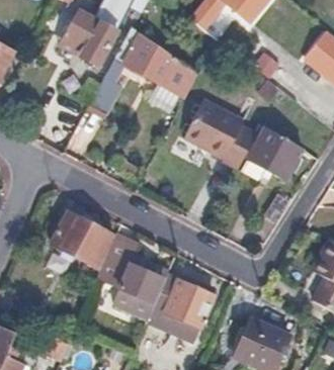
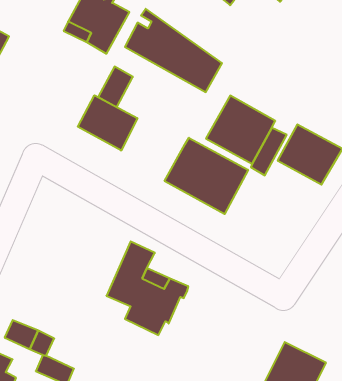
building: none -> [78,95,137,151]
building: none -> [165,138,248,214]
building: [51,211,114,268] -> none
building: [148,274,214,340] -> none

